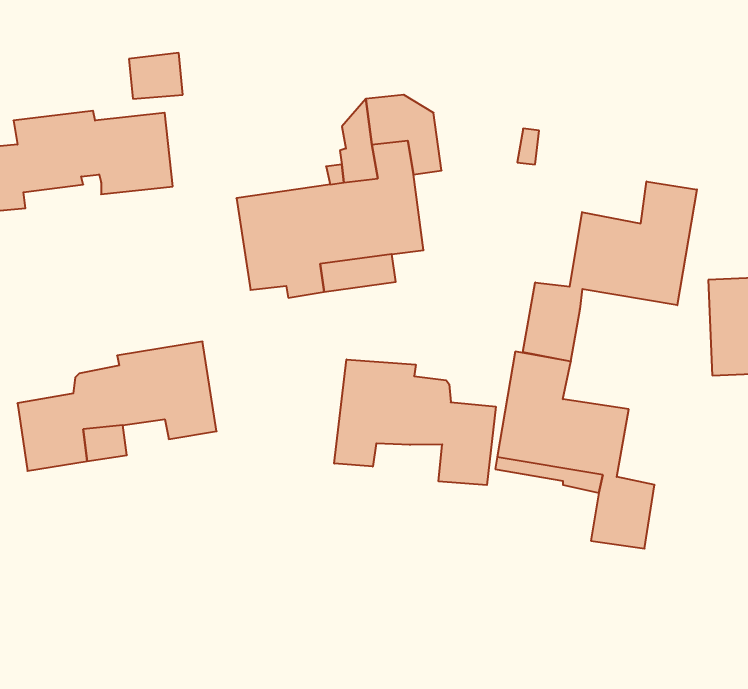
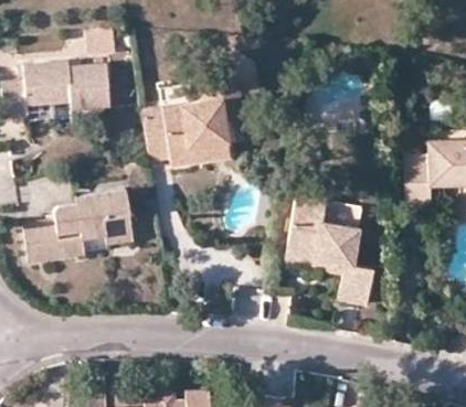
building: [523,181,697,361] -> none
building: [334,359,496,485] -> none

